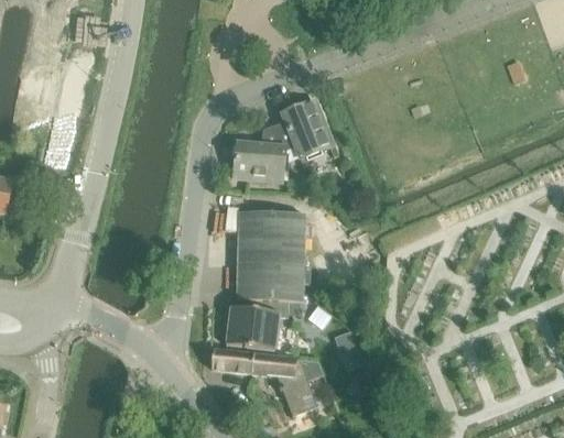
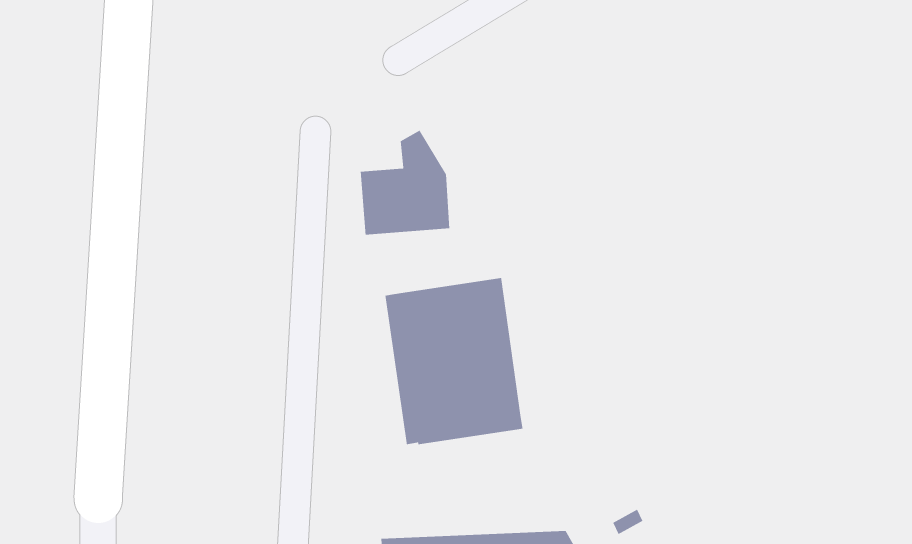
building: [274,98,334,165] -> none
building: [225,299,303,348] -> none

